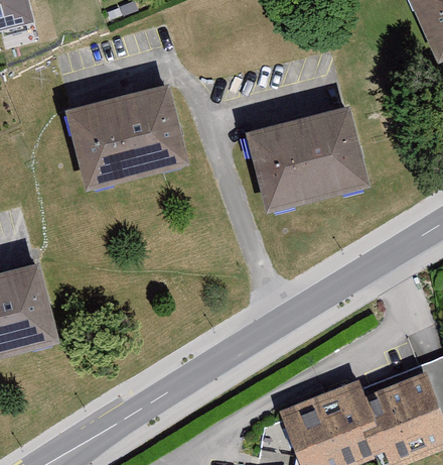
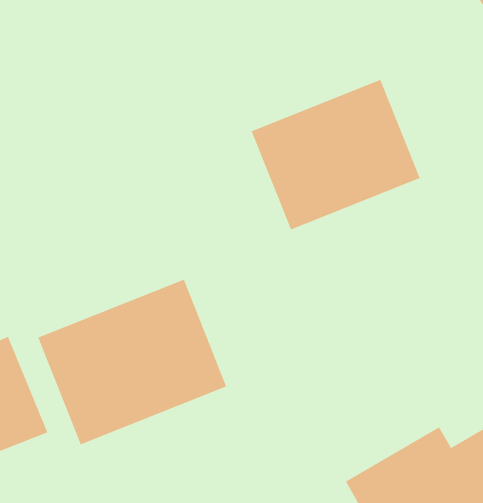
building: [65,84,187,189] -> none
building: none -> [38,279,227,445]

